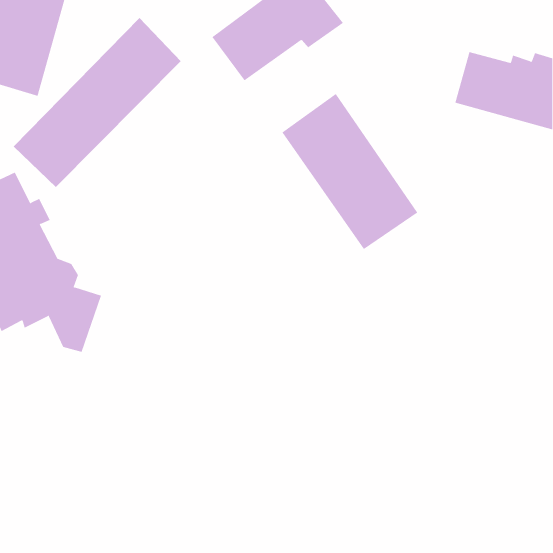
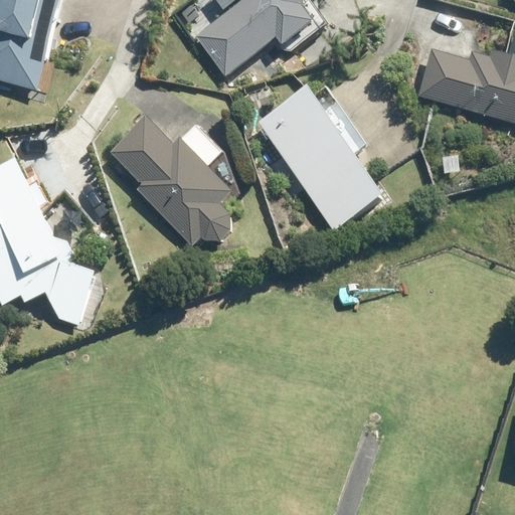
building: [13,17,182,188] -> none
building: none -> [111,117,232,243]

